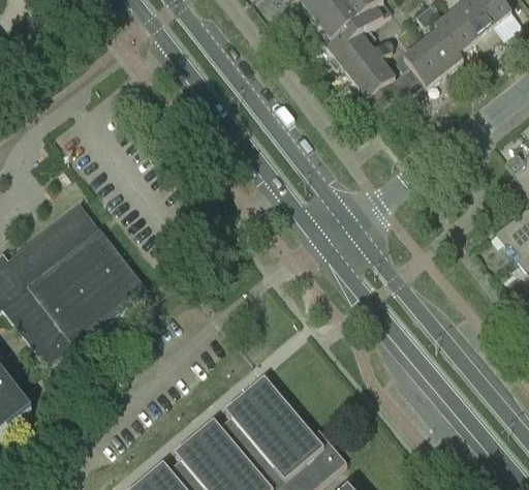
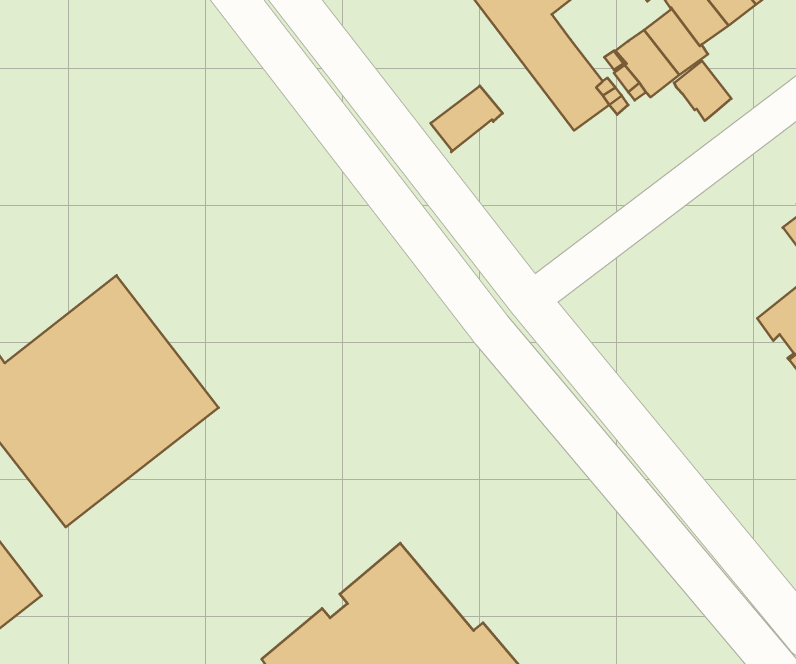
building: none -> [674,61,731,121]
building: none -> [431,86,503,152]

